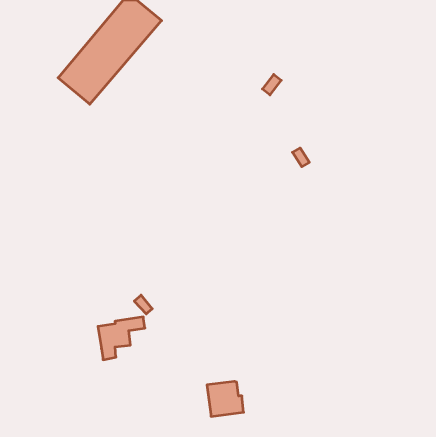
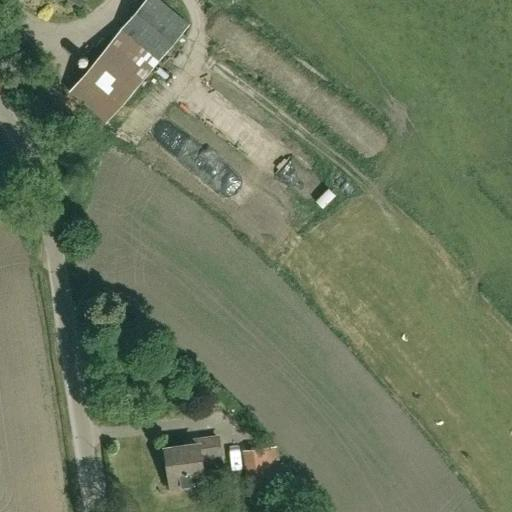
building: [98,317,145,360] -> [164,438,219,488]

